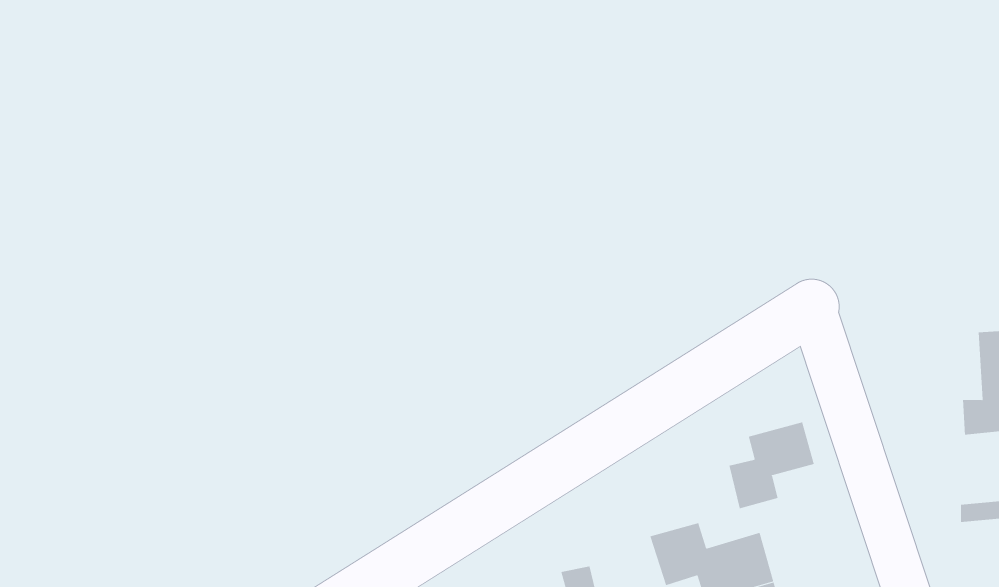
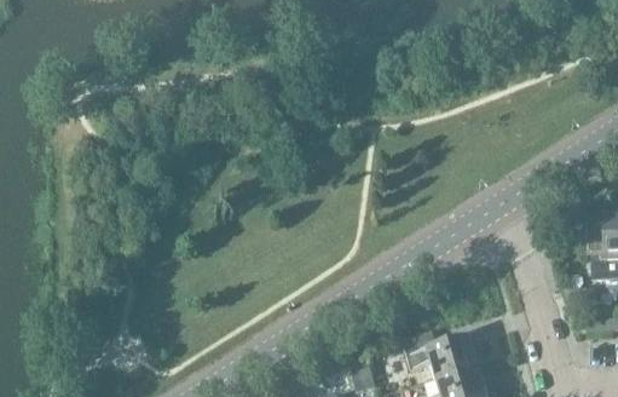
building: [729,421,815,509] -> none

